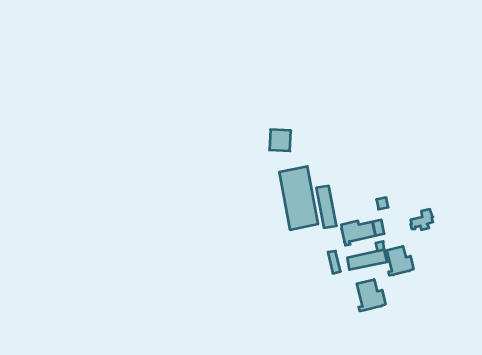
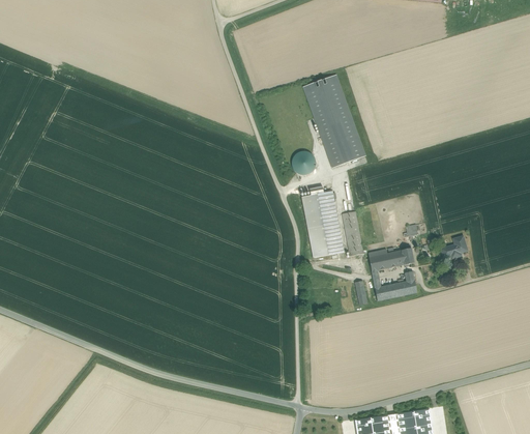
building: none -> [304,76,365,166]
building: [387,246,413,275] -> none
building: [357,279,385,311] -> none

